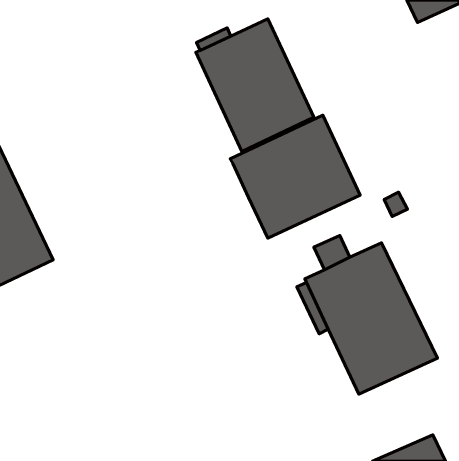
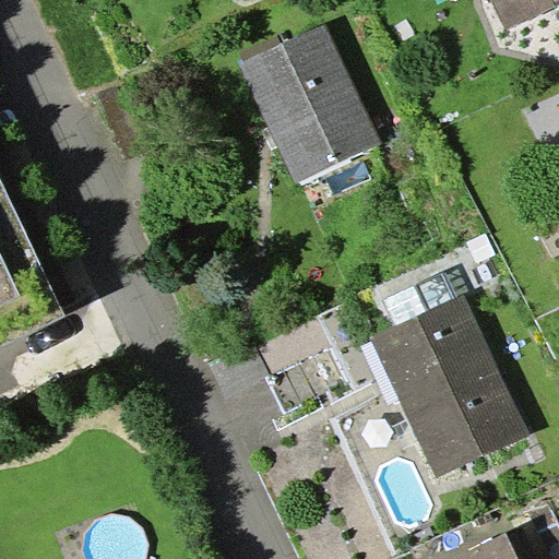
building: [230,115,360,238] -> none

